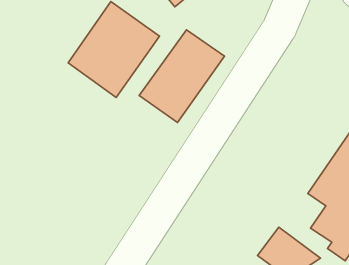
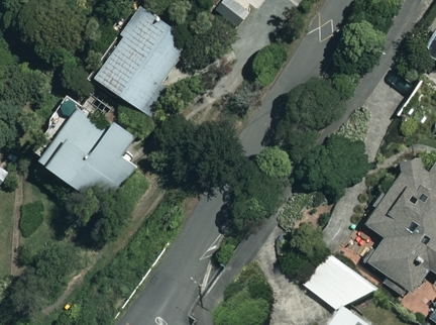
building: [139,30,224,123] -> none
building: none -> [35,106,134,207]

